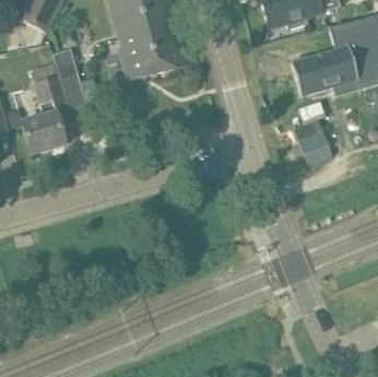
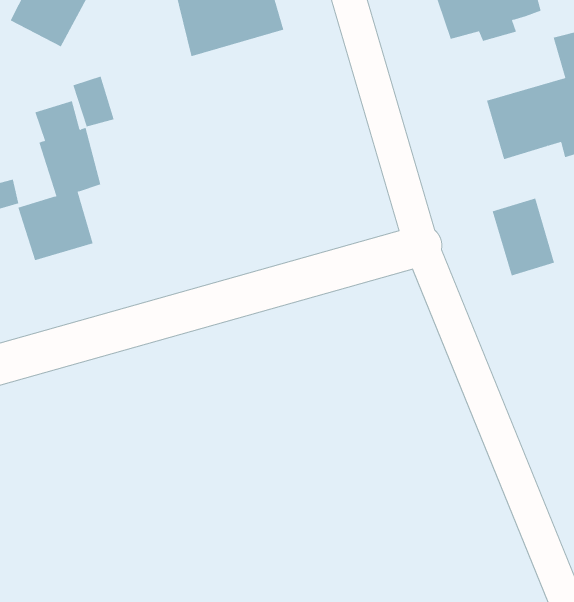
building: [121,22,188,79] -> none
building: [61,73,87,110] -> none

